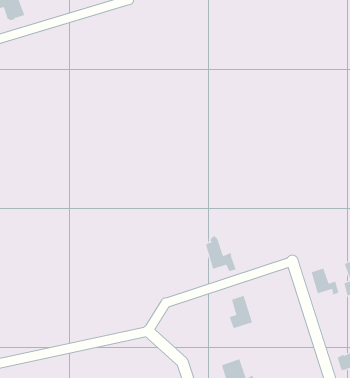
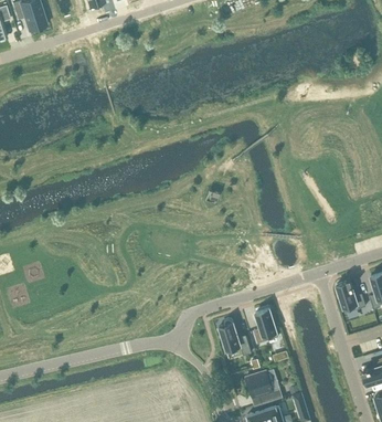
building: [205,236,237,272] -> [219,318,251,355]

